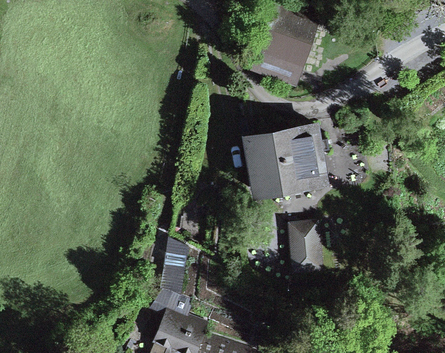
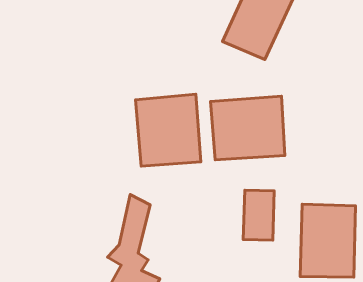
building: none -> [136,94,201,166]
building: none -> [300,204,355,277]

